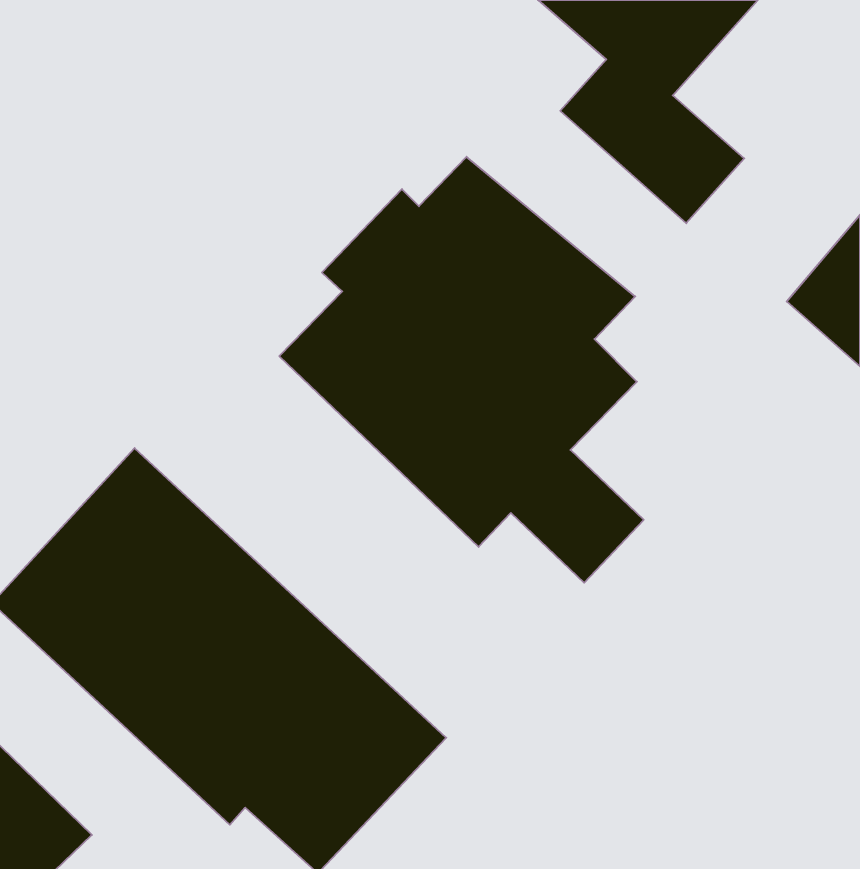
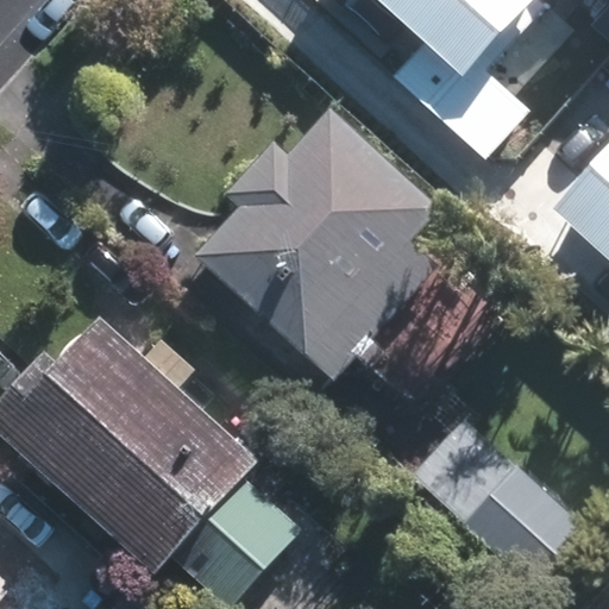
building: none -> [407,410,578,573]

